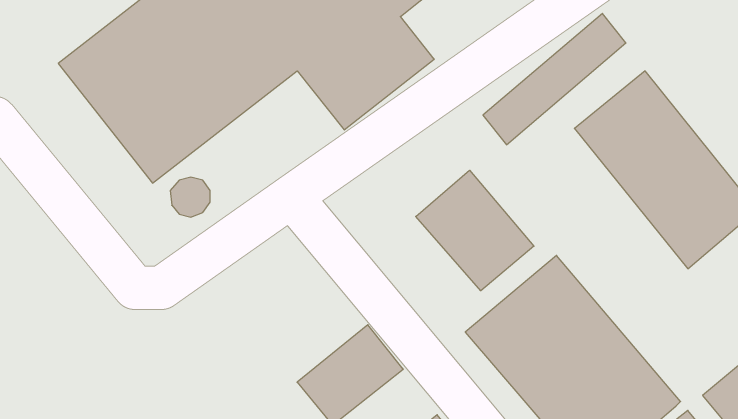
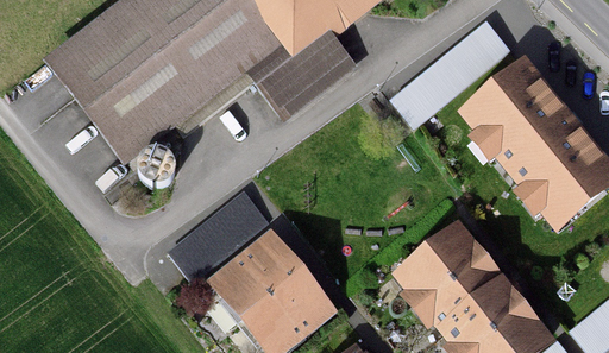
building: [416,170,534,291] -> none
building: none -> [171,193,270,279]
building: none -> [214,237,301,319]

